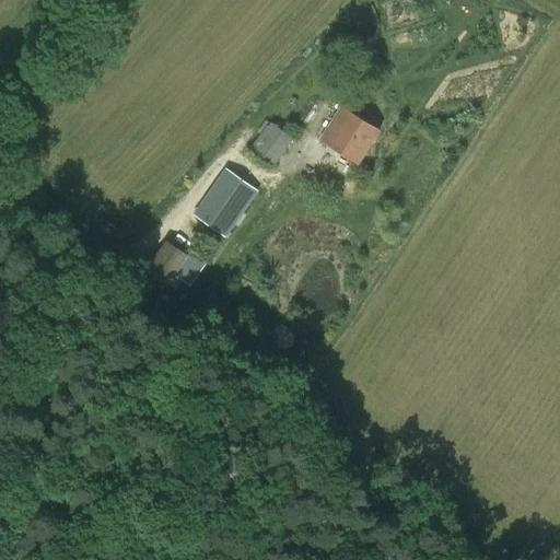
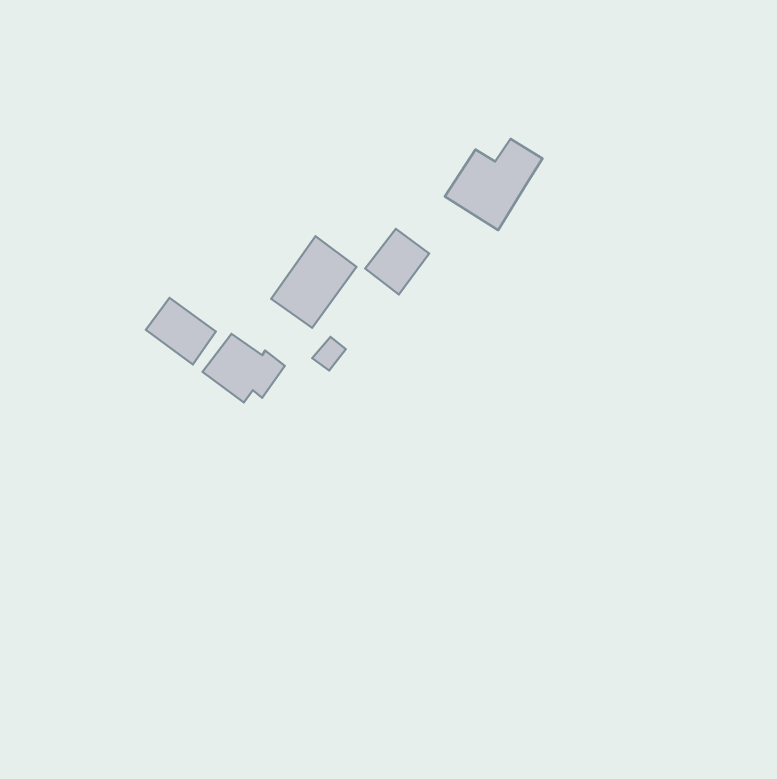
building: [248,121,294,168] -> [365,229,429,295]
building: none -> [146,298,216,364]

